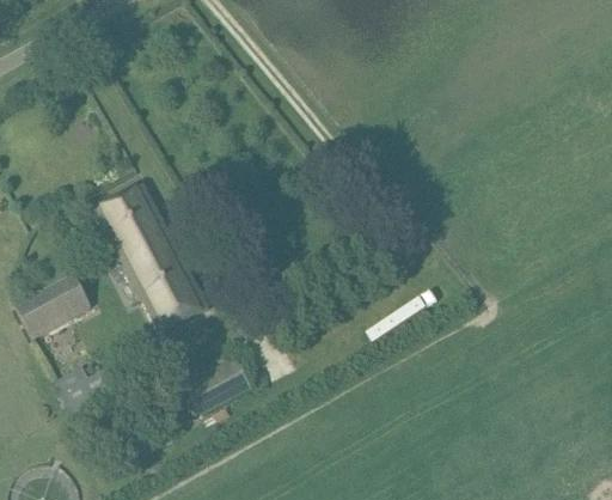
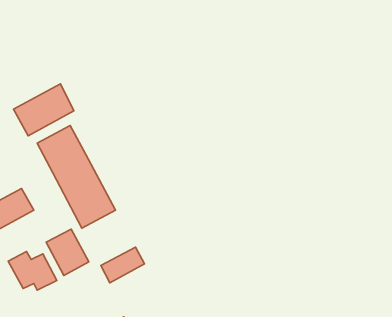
building: none -> [13,84,74,136]
building: none -> [46,229,89,275]

